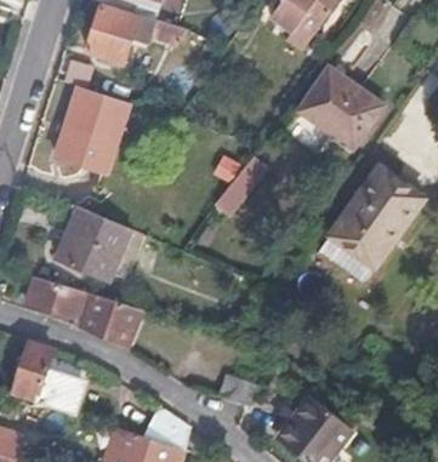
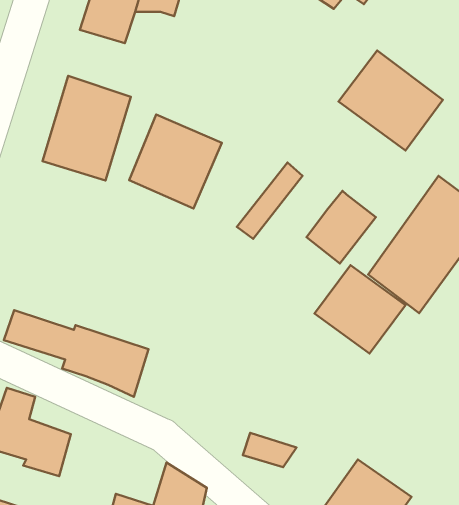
building: none -> [306,191,376,264]
building: [56,205,131,281] -> [129,114,222,208]
building: none -> [314,265,406,353]

